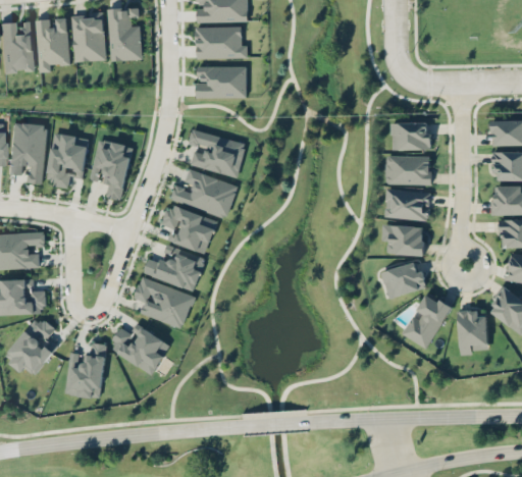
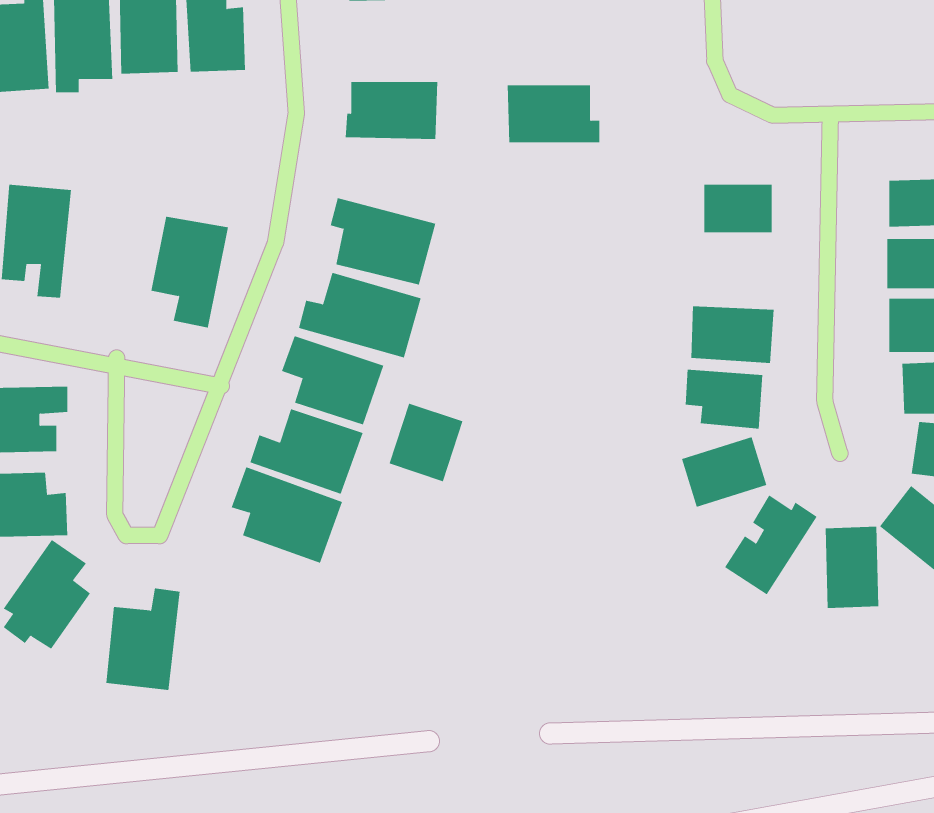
building: [196,26,247,58] -> [507,85,600,143]
building: [46,135,89,187] -> none
building: [385,155,430,183] -> none
building: none -> [389,403,463,482]
building: [111,327,170,375] -> none

